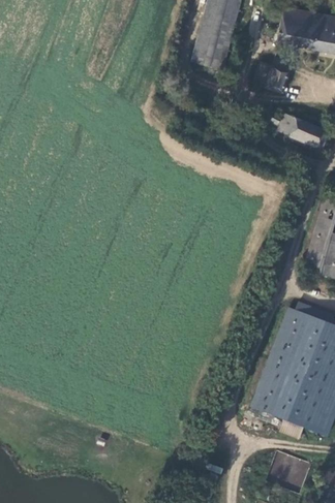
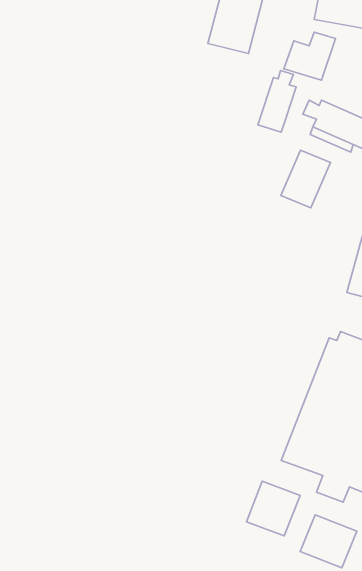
building: none -> [258,71,296,132]
building: none -> [281,150,331,208]
building: none -> [246,481,300,536]

